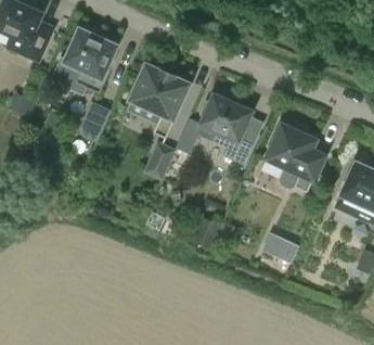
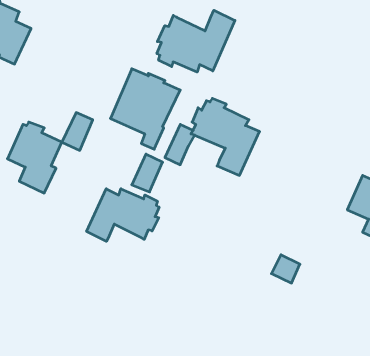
building: none -> [157,10,235,72]
building: [64,28,114,93] -> [7,122,62,193]
building: [265,124,325,191] -> none
building: none -> [87,189,159,241]

